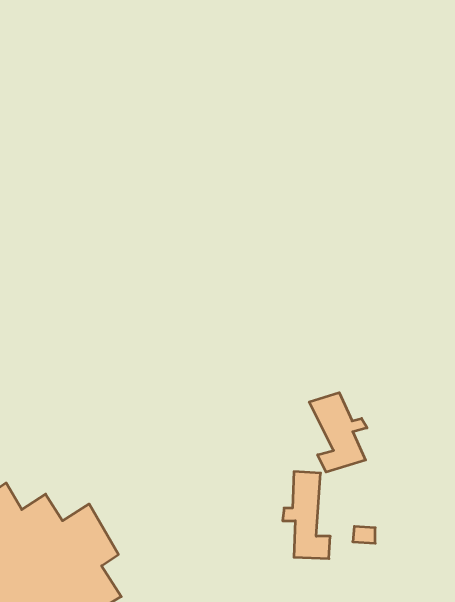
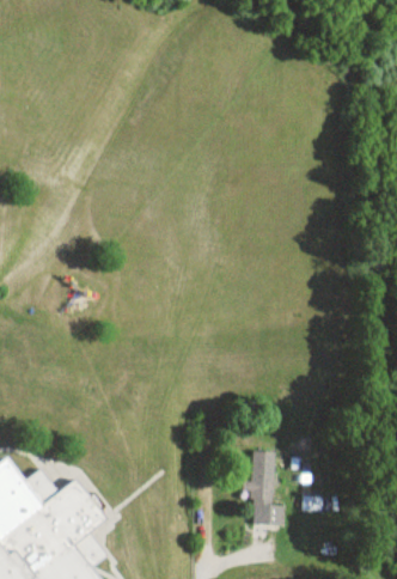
building: [309,393,367,472] -> none

